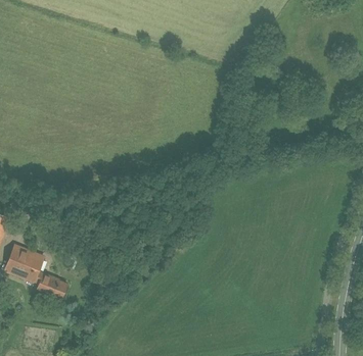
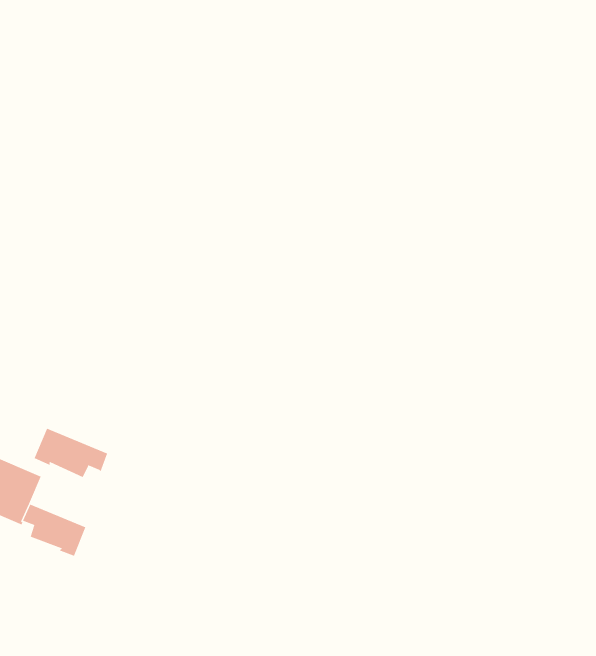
building: none -> [34,428,108,478]

